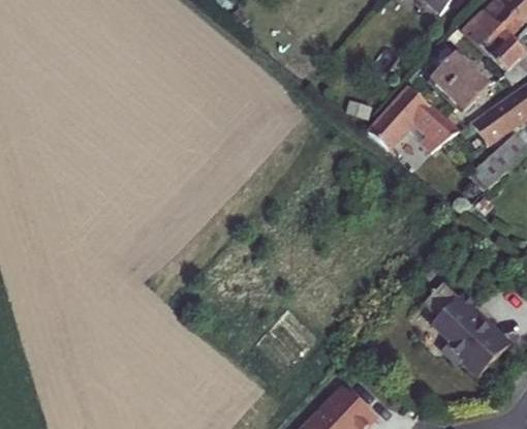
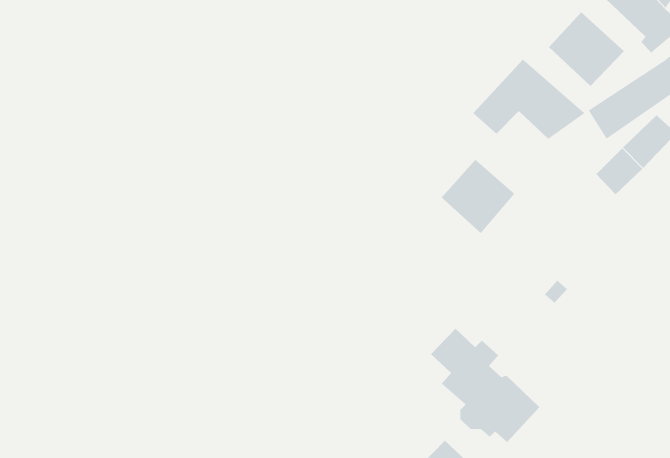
building: none -> [441,159,515,234]
building: [425,278,510,368] -> [430,328,540,443]

